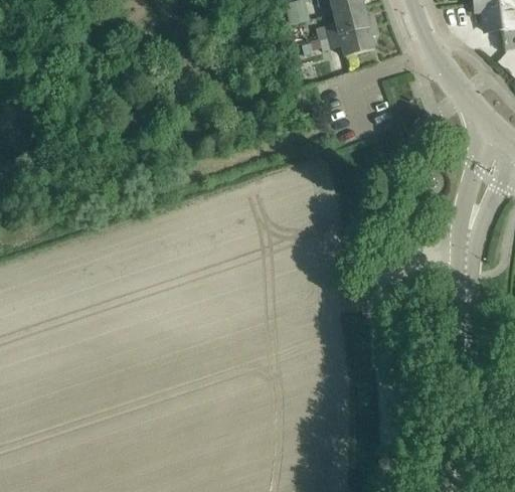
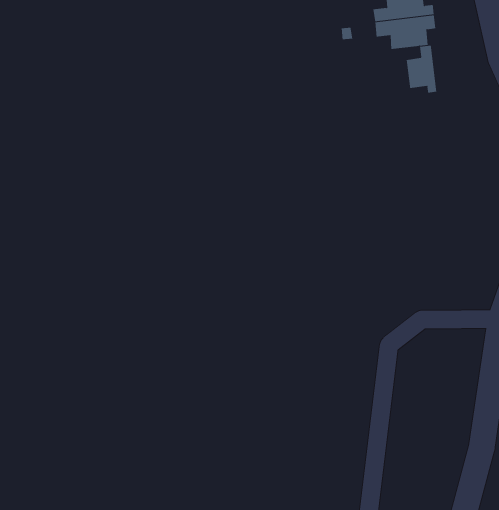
building: none -> [406,45,437,94]

